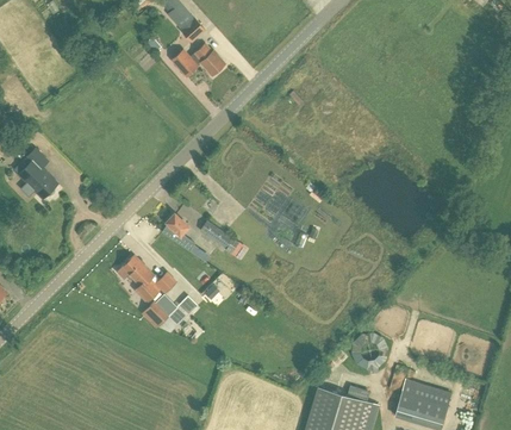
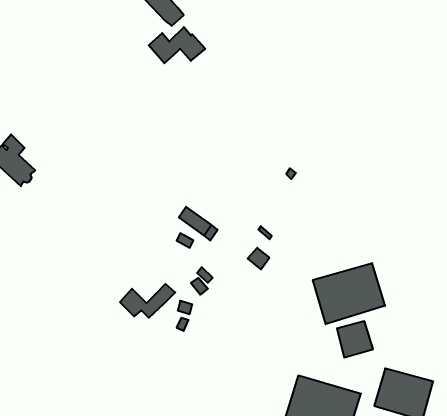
building: [161,213,195,250] -> none
building: [117,255,177,303] -> none
building: none -> [313,263,385,324]

